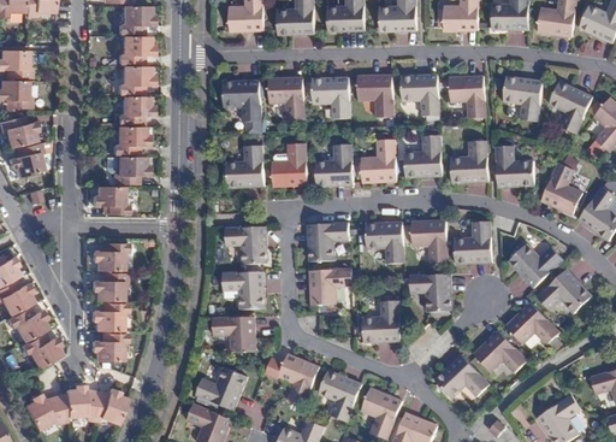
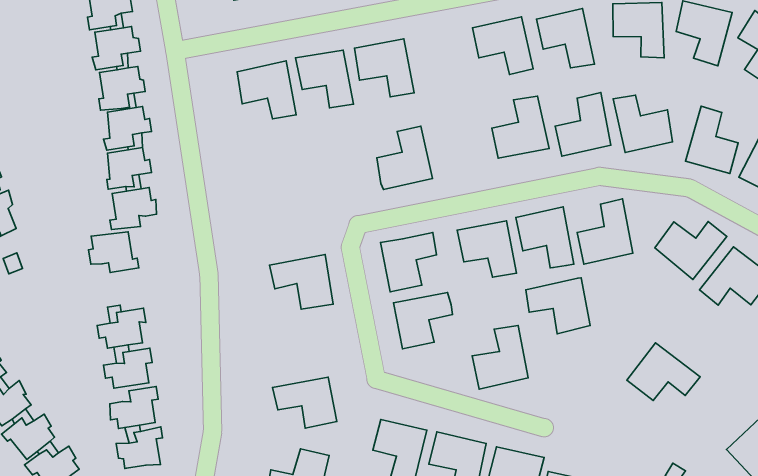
building: [356,75,392,117] -> none
building: [360,139,396,182] -> none
building: [271,142,307,187] -> none
building: [224,145,263,187] -> none
building: [221,271,262,310] -> none
building: [504,302,558,344] -> none
building: [434,354,488,397] -> none

